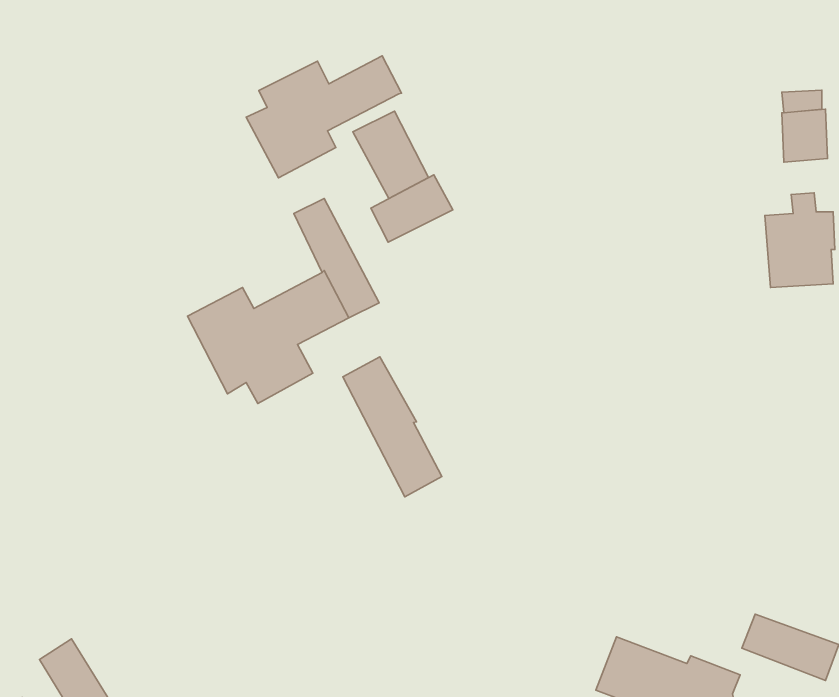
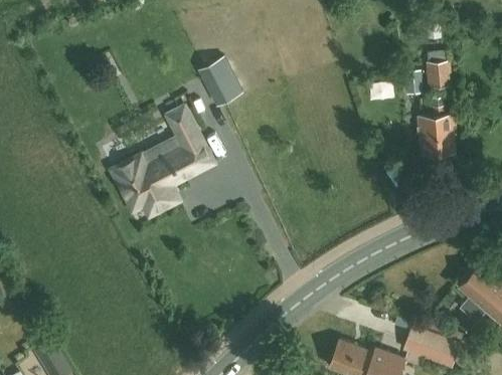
building: [246,56,402,178] -> none
building: [371,175,453,242] -> none
building: [343,357,442,497] -> none

